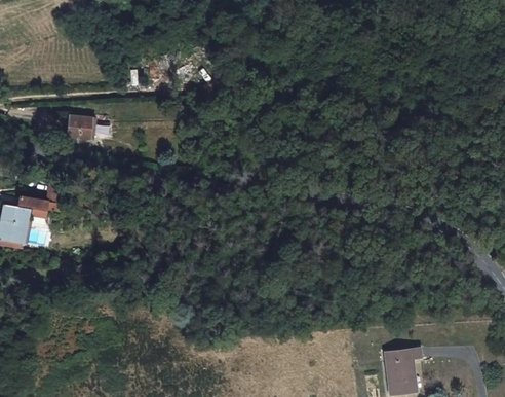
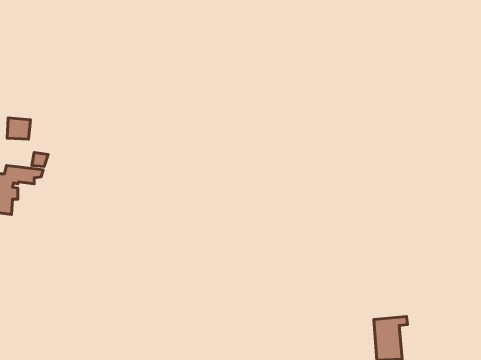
building: [68,116,91,138] -> [7,118,31,139]

